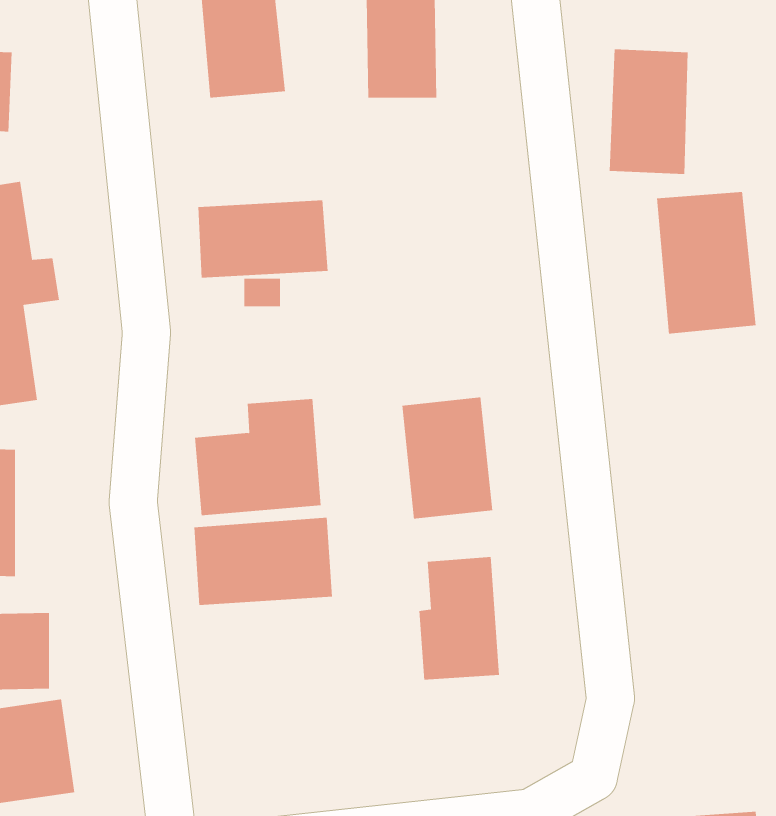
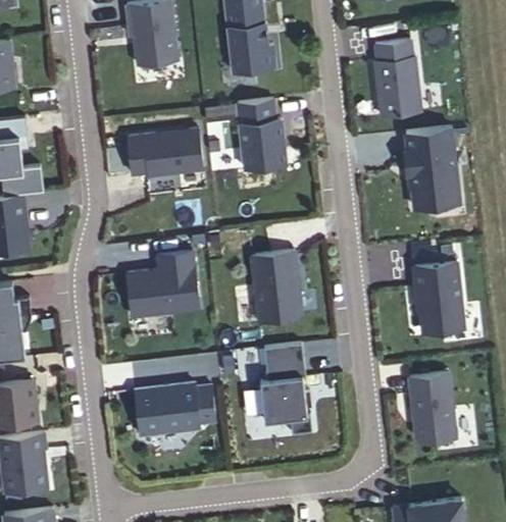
building: none -> [234,97,286,168]
building: none -> [413,259,463,333]
building: [193,517,333,605] -> [133,382,216,435]
building: none -> [410,372,454,439]

